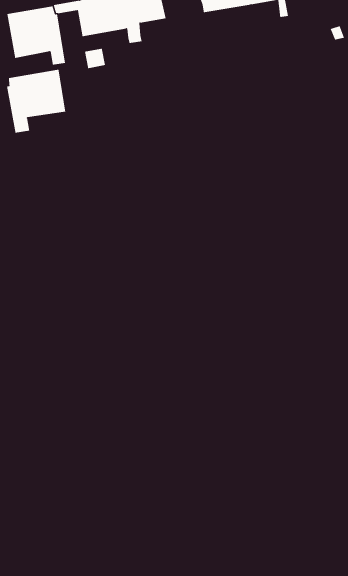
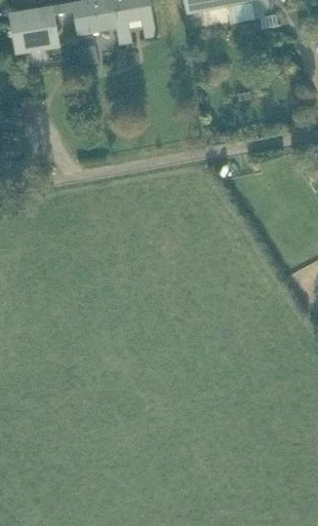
building: [7,69,66,134] -> none

